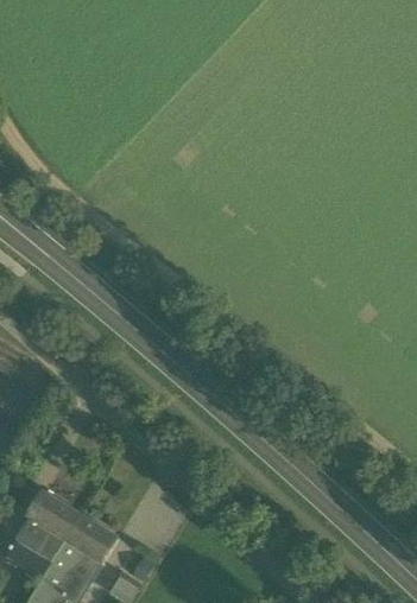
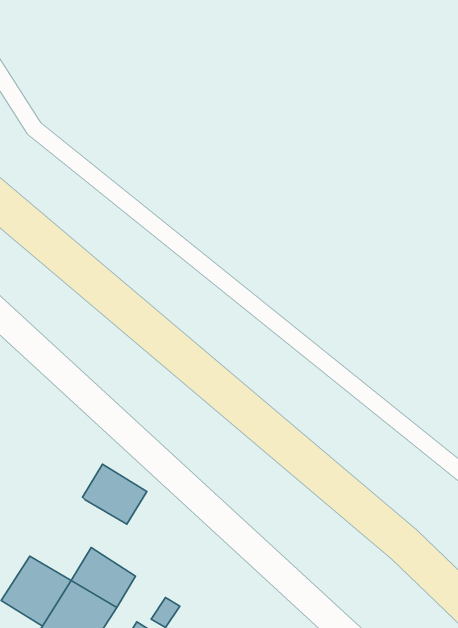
building: [26,491,80,541] -> [82,464,147,524]

